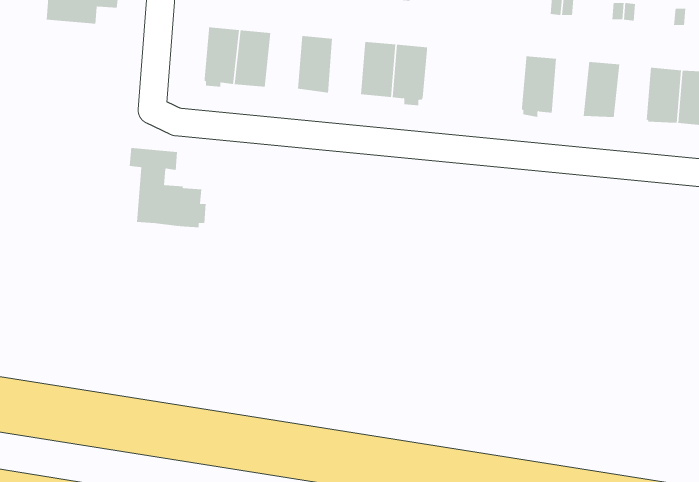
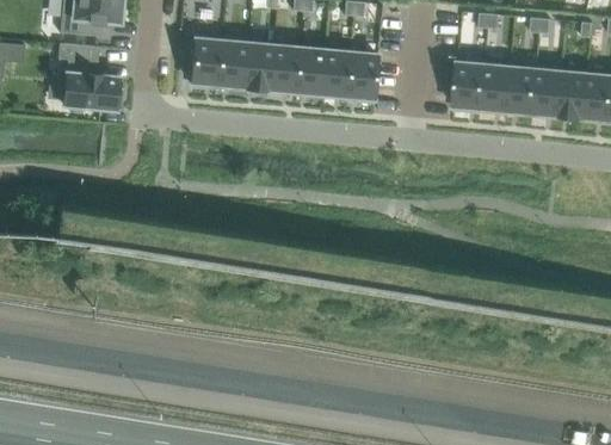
building: none -> [242,42,272,89]
building: none -> [295,47,325,93]
building: none -> [481,63,511,111]
building: none -> [532,68,562,115]
building: [129,147,207,228] -> [57,42,122,109]

